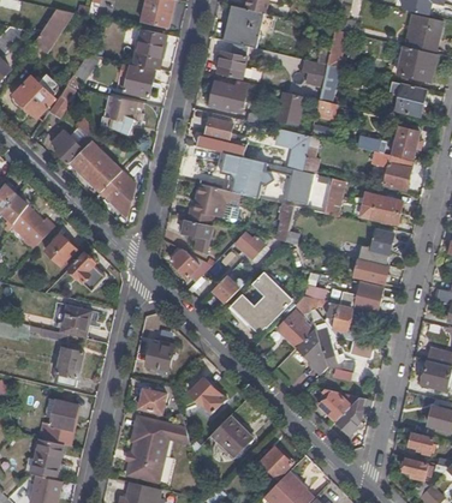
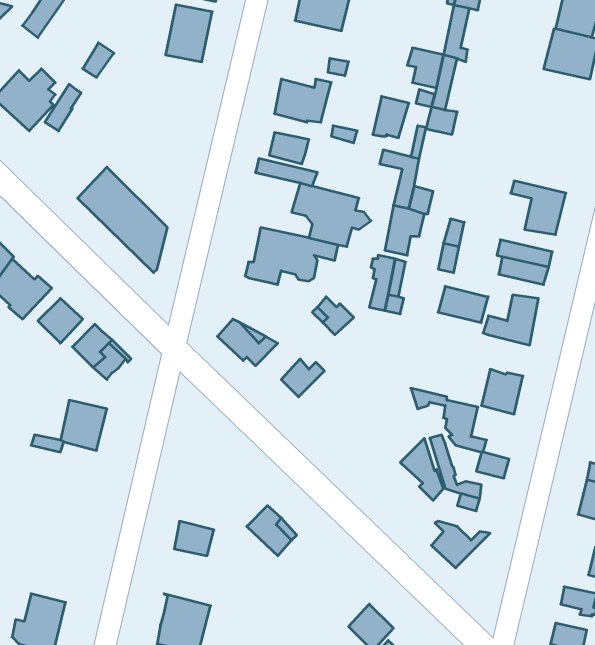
building: [218,50,246,78] -> none
building: [124,65,154,96] -> none
building: [394,82,427,116] -> none
building: [105,95,143,133] -> none
building: [53,120,93,163] -> none
building: [368,126,418,160] -> none
building: [182,218,212,253] -> none
building: [353,258,388,283] -> [438,286,488,323]
building: [230,271,293,334] -> none
building: [278,312,310,345] -> none
building: [145,341,174,370] -> none
building: [55,347,83,387] -> none
building: [335,396,364,435] -> none
building: [40,400,78,445] -> none
building: [212,414,252,455] -> none
building: [132,417,189,447] -> none

